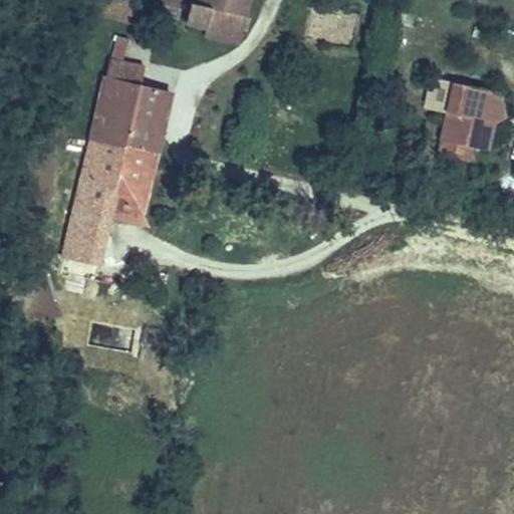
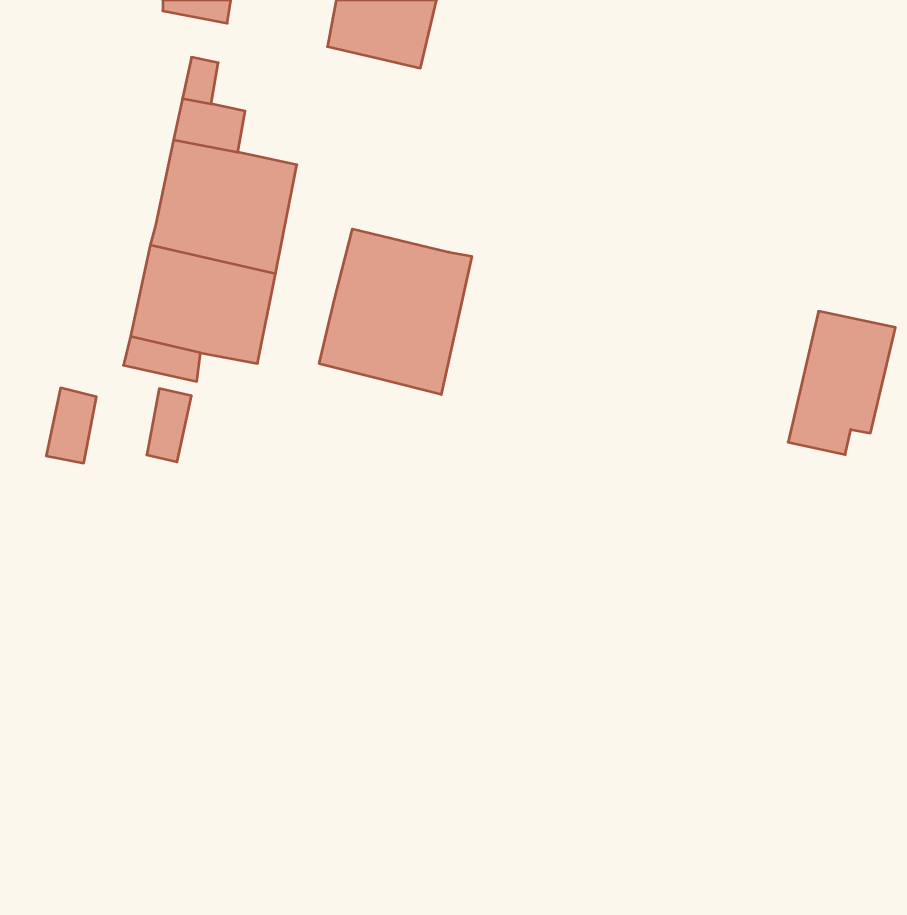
building: [440,86,500,167] -> [788,311,895,455]
building: none -> [319,229,472,395]
building: [65,213,93,255] -> [46,388,96,463]

